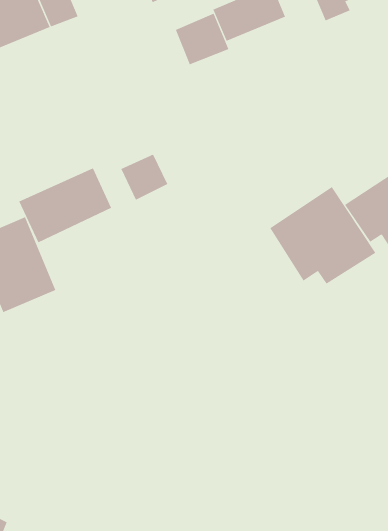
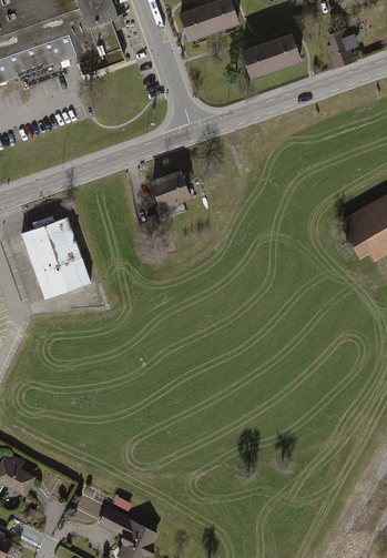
building: [175,13,229,65] -> none
building: [18,167,112,243] -> none
building: [269,186,376,285] -> none

